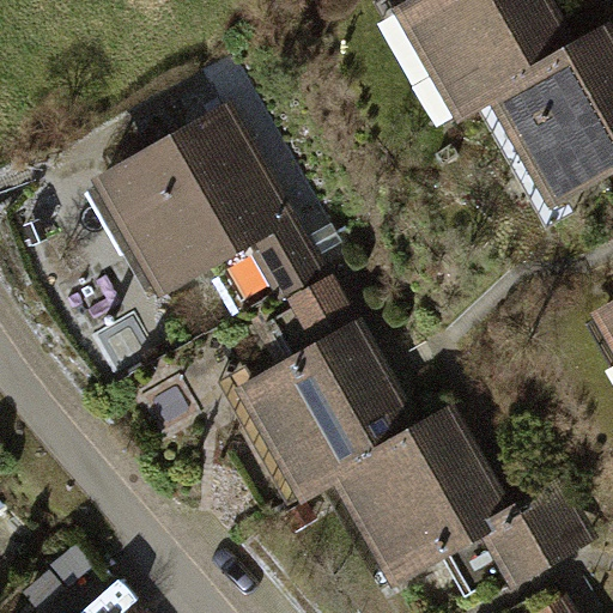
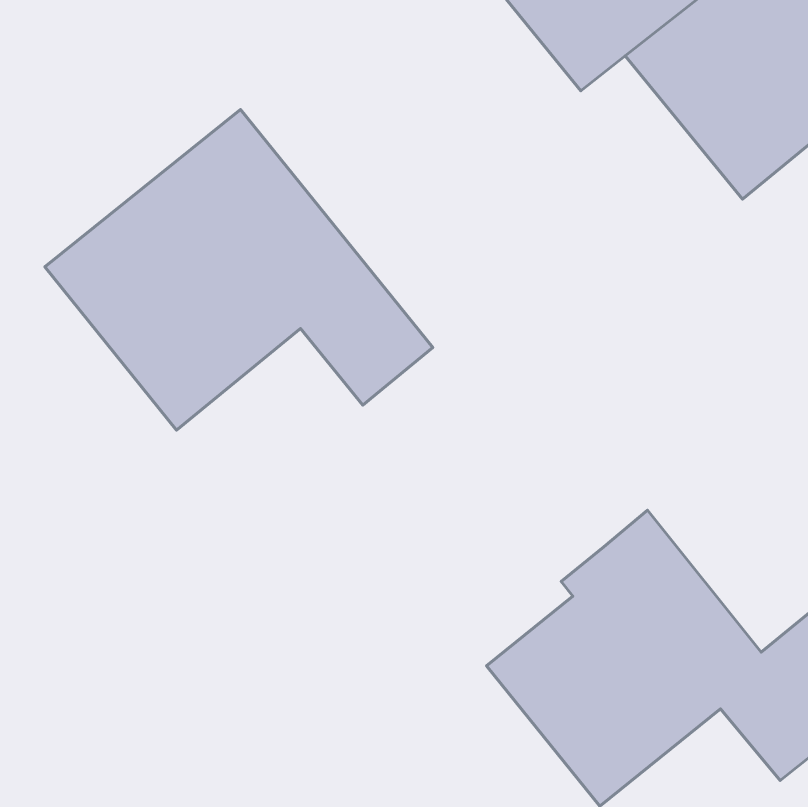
building: [233,271,421,503] -> none

